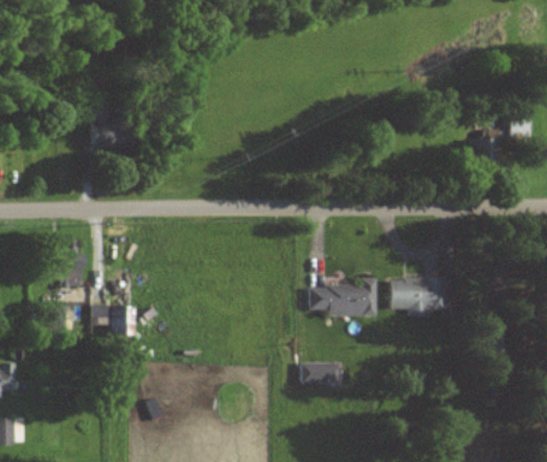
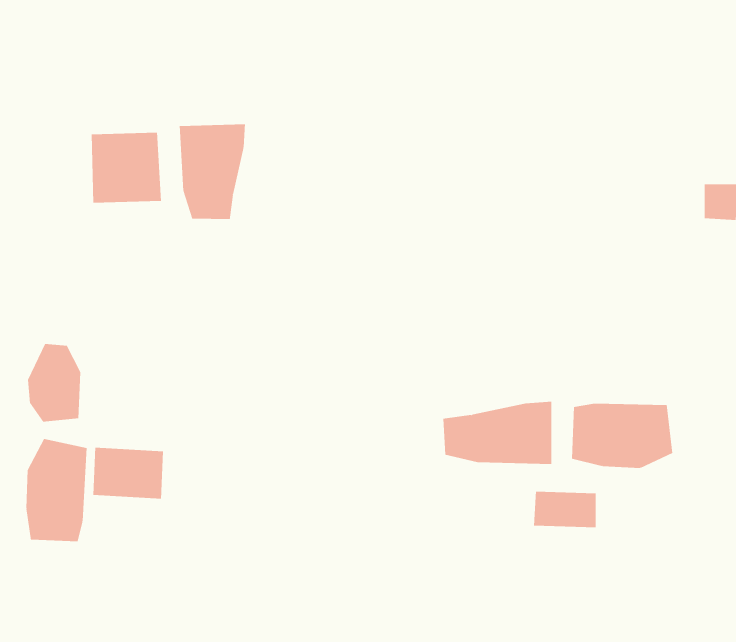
building: none -> [179,124,245,220]
building: none -> [26,438,87,542]
building: [302,361,341,384] -> [533,491,597,528]

